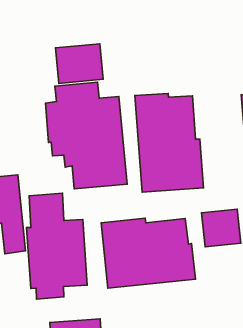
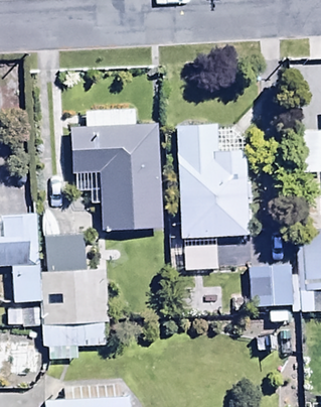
building: [56,44,103,83] -> none
building: [101,218,196,288] -> none

